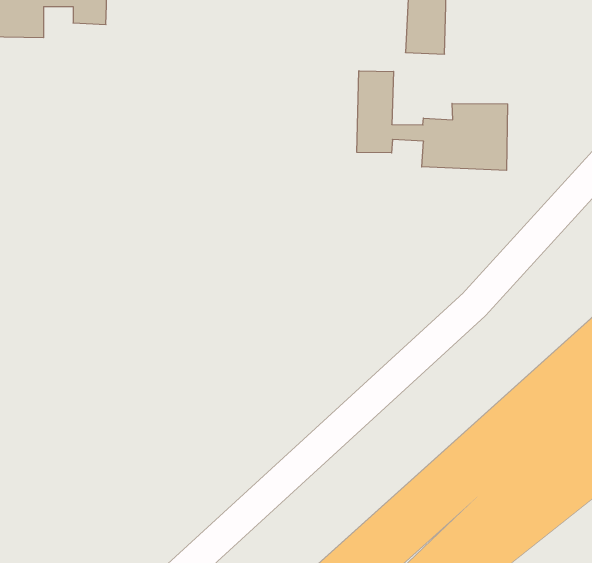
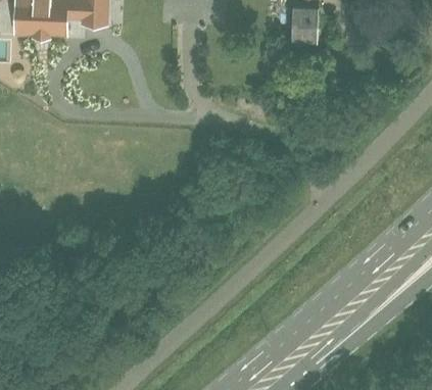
building: [357,71,508,170] -> none

